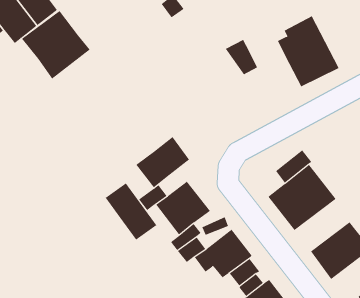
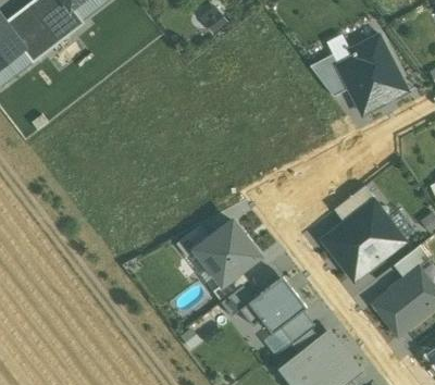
building: [21,10,91,79] -> none
building: [225,39,258,75] -> [311,53,349,95]
building: [136,136,190,188] -> none
building: [105,183,157,240] -> none

